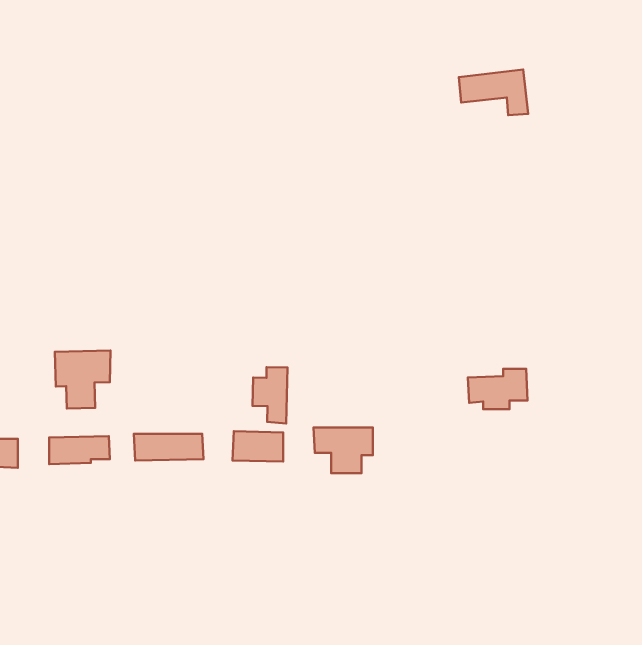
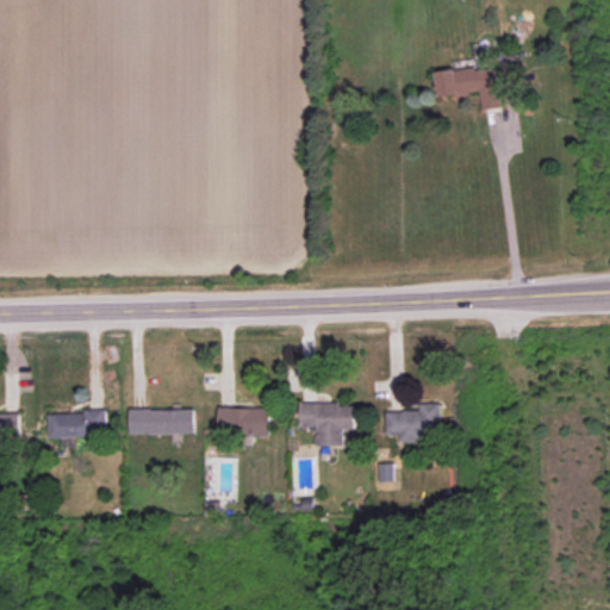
building: [55,351,110,408] -> none
building: [252,367,288,423] -> none
building: [468,369,527,409] -> [382,404,438,442]

